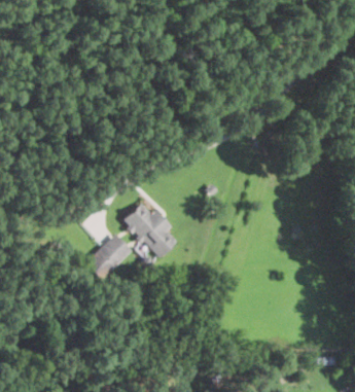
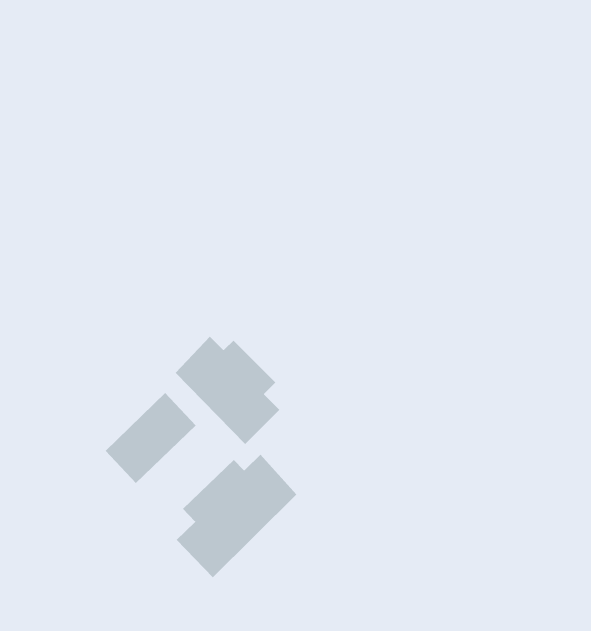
building: none -> [176,454,297,578]

